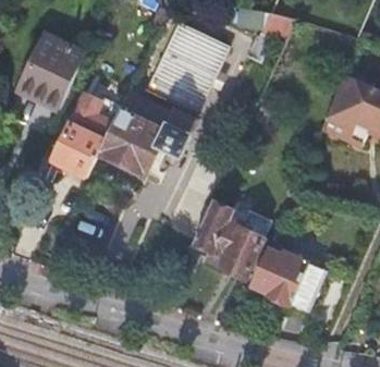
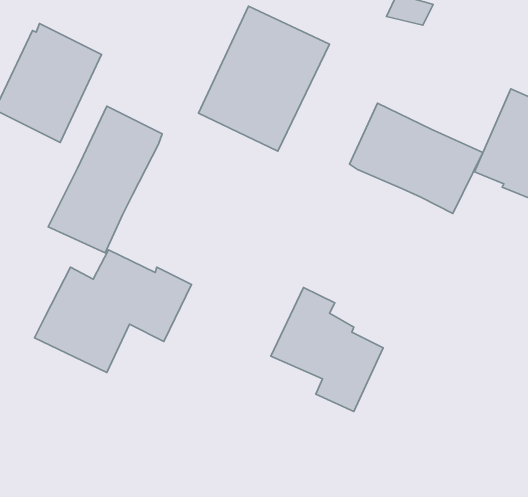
building: none -> [350,103,483,213]
building: [98,99,197,176] -> [34,250,191,372]
building: [250,240,324,309] -> none

